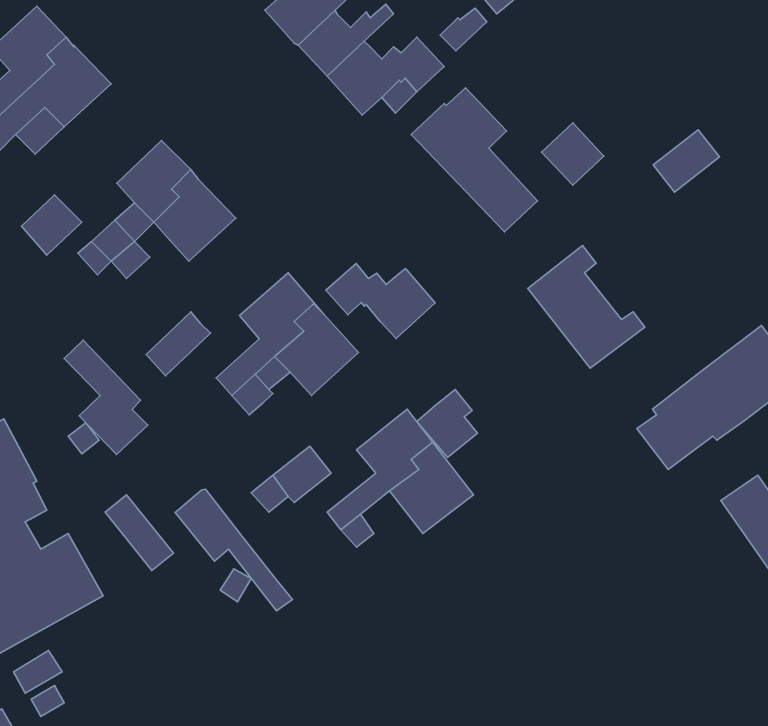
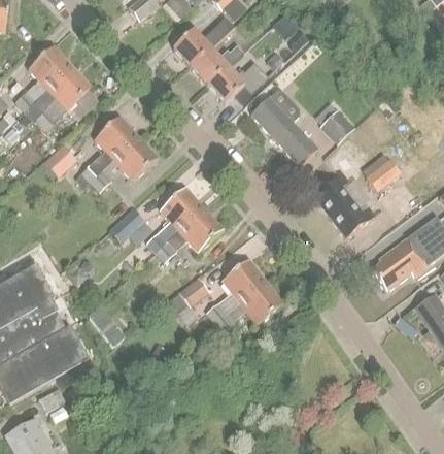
building: [653,130,719,192] -> [366,159,401,192]
building: [326,263,435,339] -> none
building: [64,340,148,455] -> none
building: [417,389,477,457] -> none
building: [175,489,293,611] -> none

